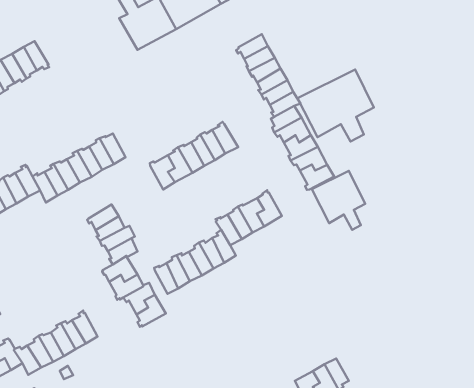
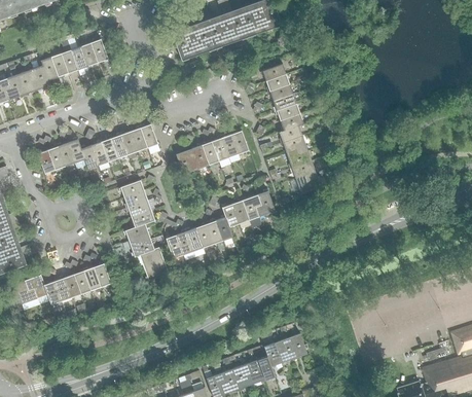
building: [298,69,374,142] -> none
building: [312,171,365,230] -> none

